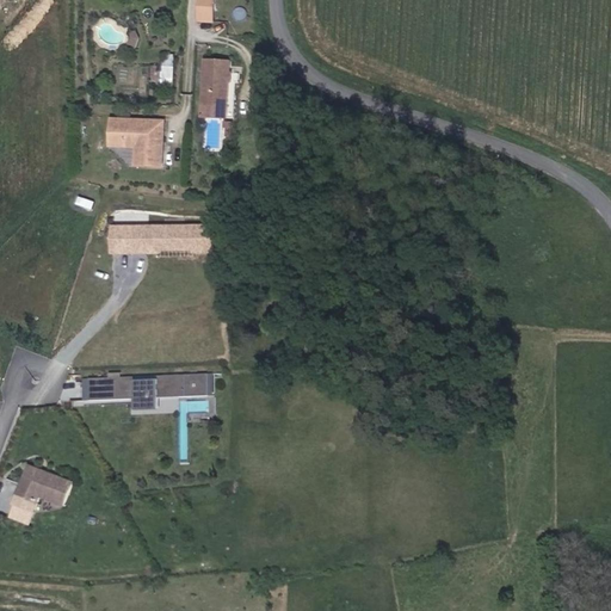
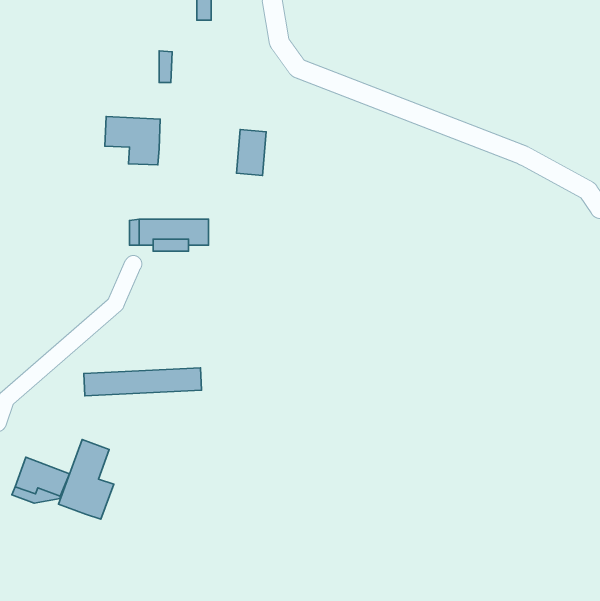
building: [200,57,230,104] -> [237,130,266,176]
building: [109,223,131,248] -> none
building: none -> [58,439,114,519]

